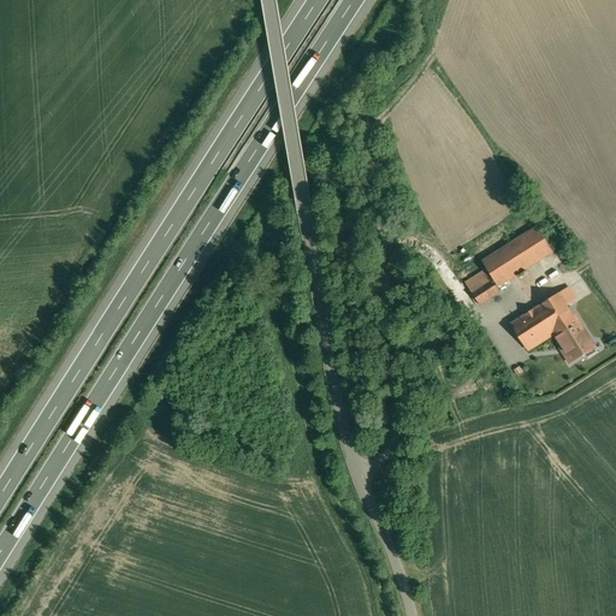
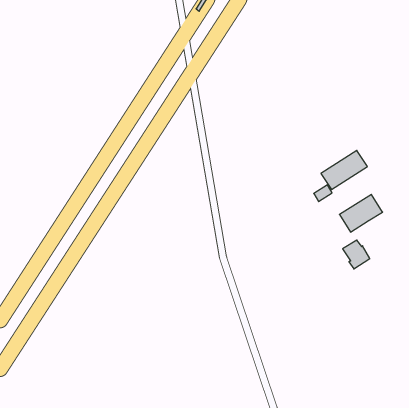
building: [553,319,594,362] -> [343,240,370,269]

